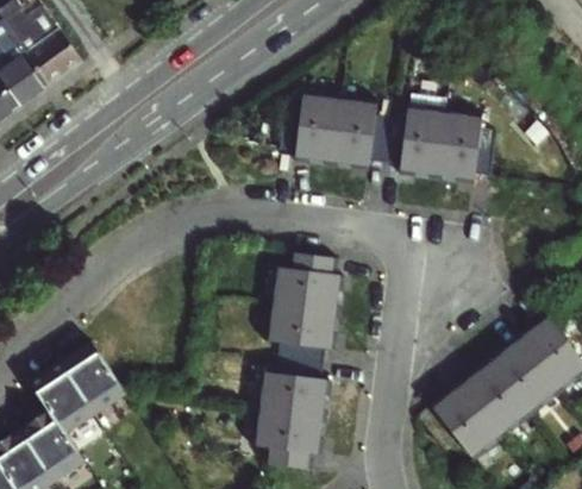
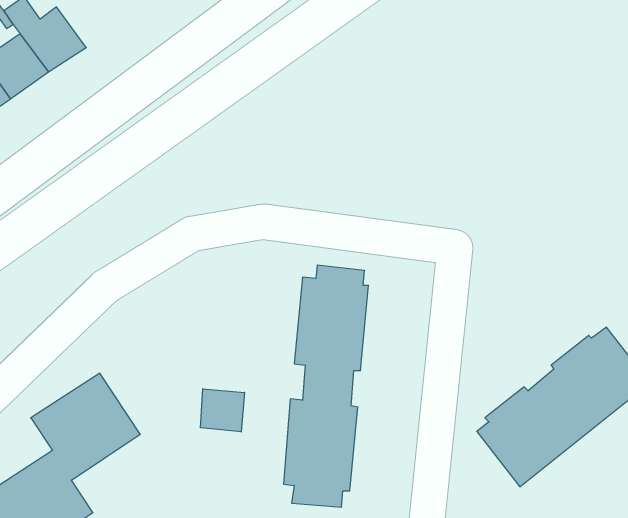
building: [275,95,487,174] -> none
building: none -> [201,389,244,432]

